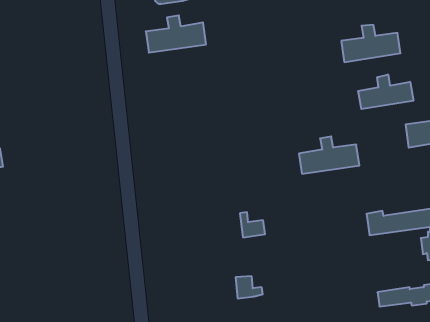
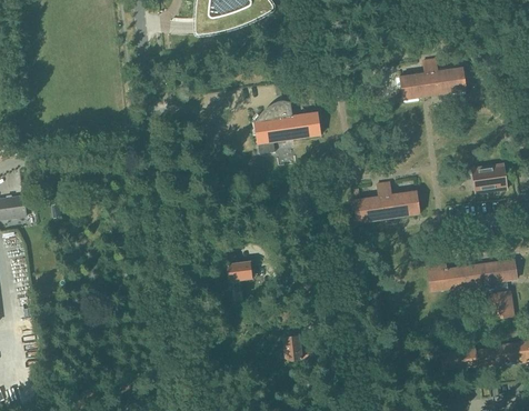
building: [146,15,206,53] -> [254,102,321,143]
building: [358,74,413,109] -> none
building: [240,212,265,237] -> [226,252,253,280]

